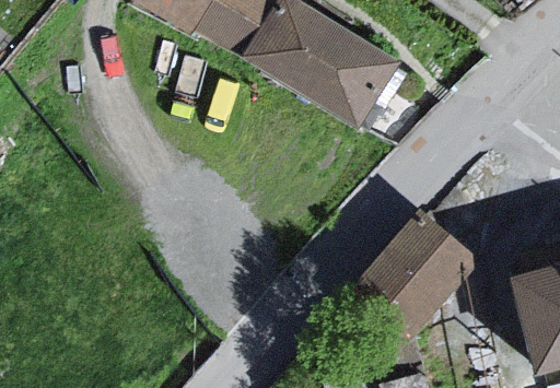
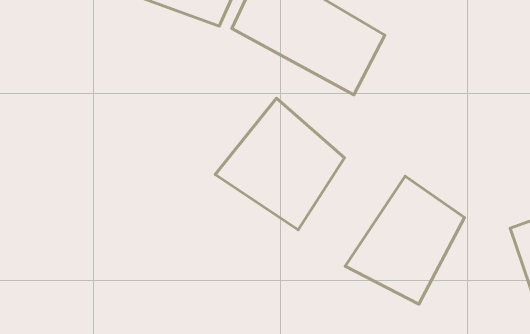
building: none -> [215,98,345,230]

